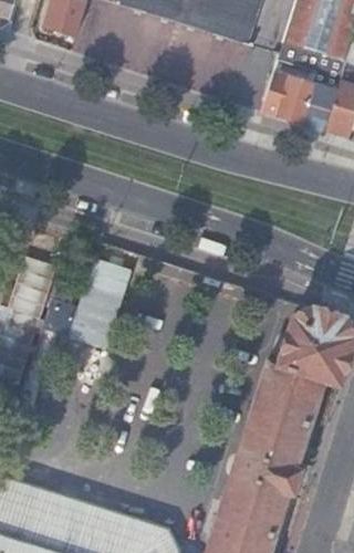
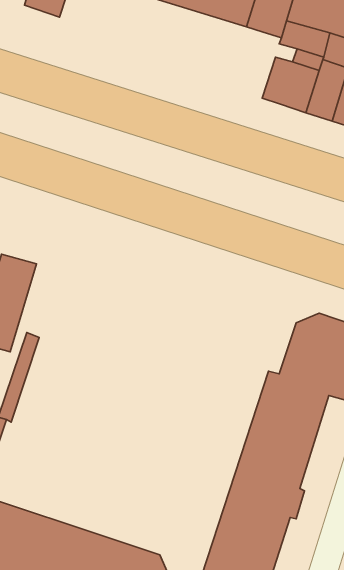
building: [54,237,131,354] -> none

